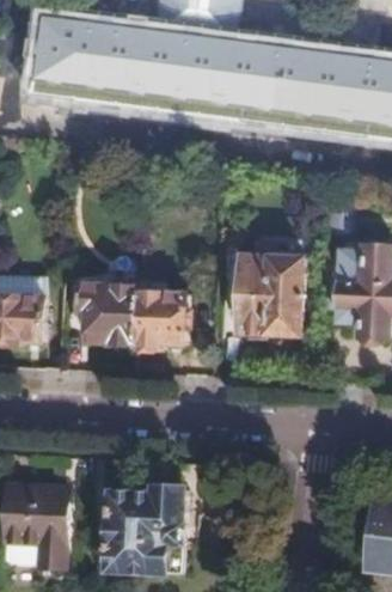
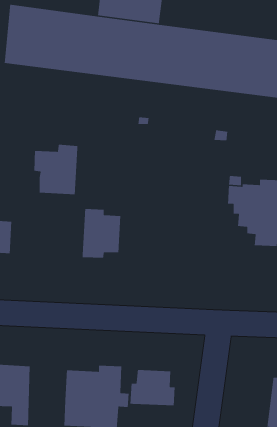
building: [238,252,302,335] -> none
building: [78,274,136,341] -> [33,144,78,195]
building: none -> [130,369,175,406]

